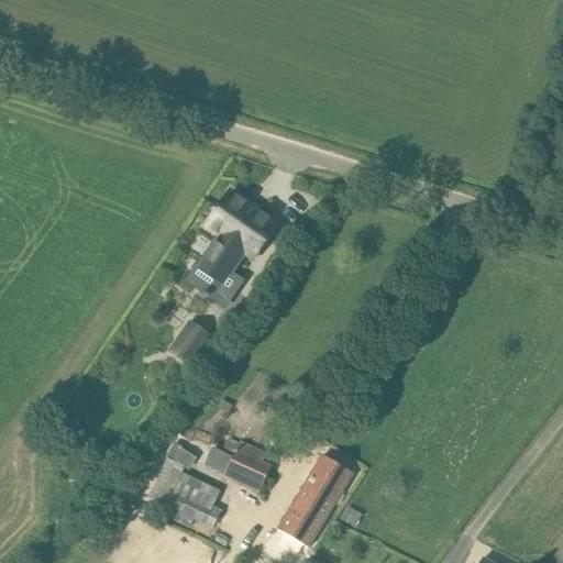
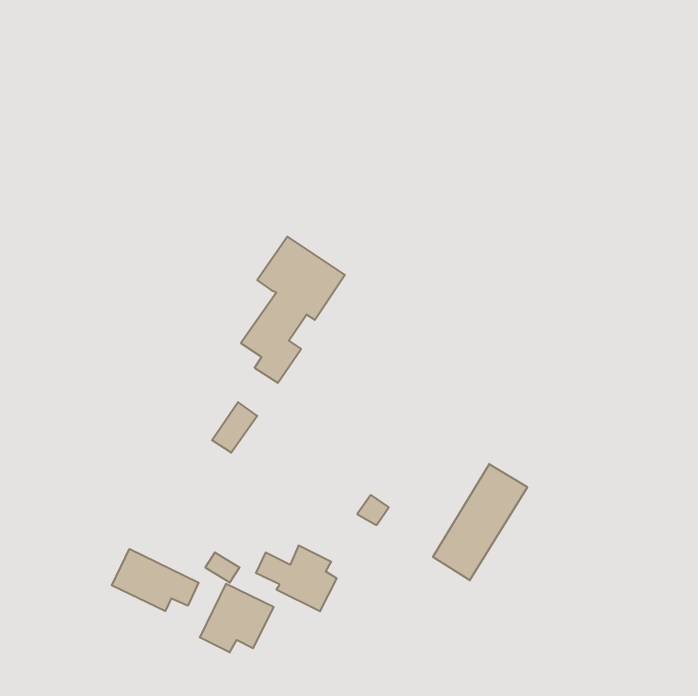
building: none -> [112,549,199,611]
building: [277,453,353,547] -> [433,464,527,580]

